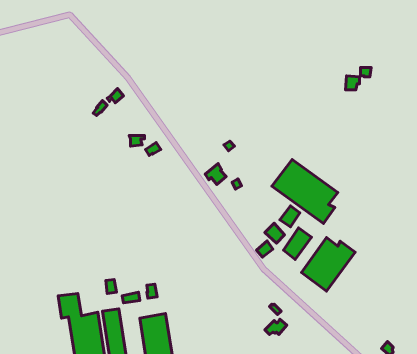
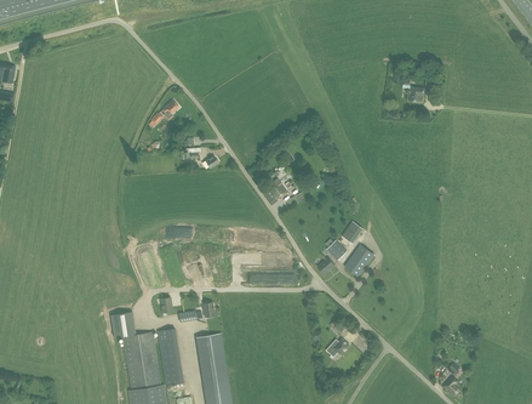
building: [272,160,338,224] -> none
building: [301,237,355,291] -> none

